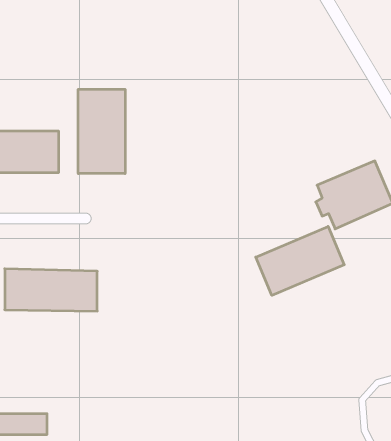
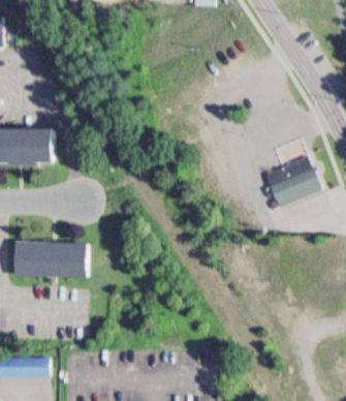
building: [78,89,125,174] -> none
building: [256,226,344,295] -> none

